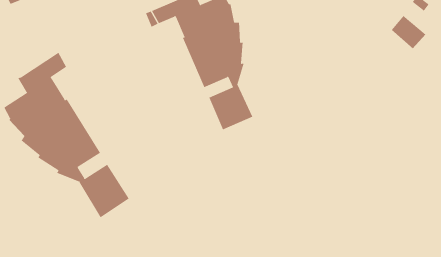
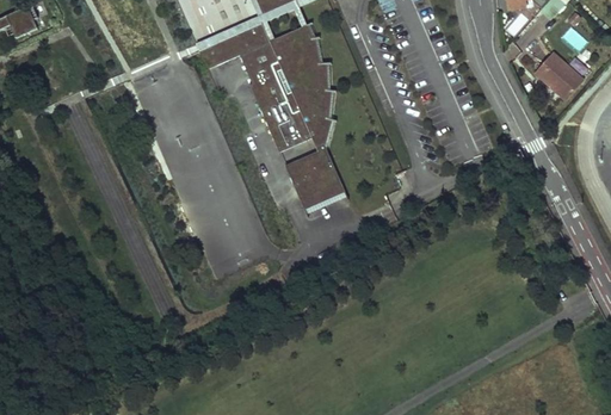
building: [4,52,129,218] -> none

